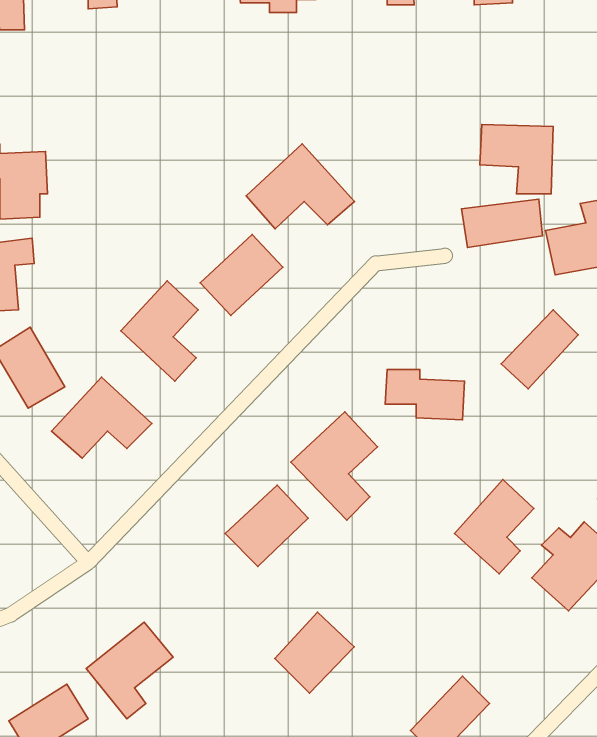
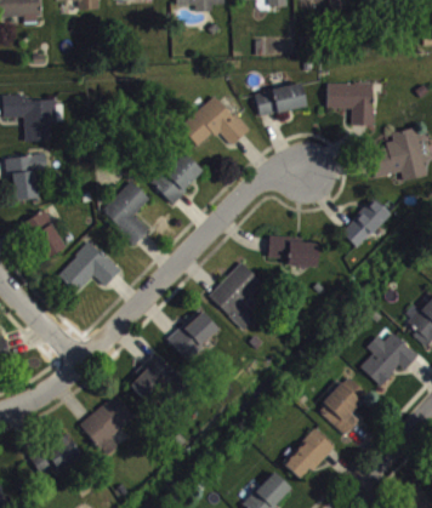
building: [462,199,543,247] -> [254,85,305,115]
building: [455,479,534,574] -> [317,376,366,435]
building: [275,612,354,693] -> [127,354,177,405]

